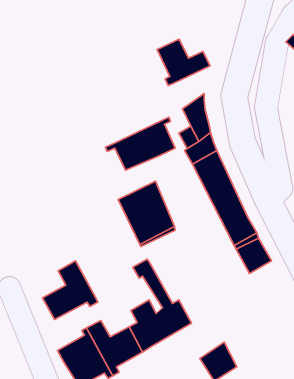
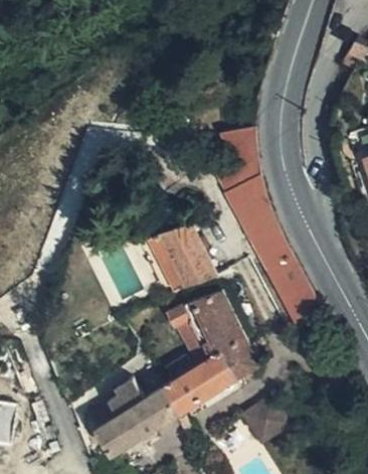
building: [157,39,210,86] -> none
building: [105,117,175,170] -> none
building: none -> [186,290,258,381]
building: [43,261,98,320] -> none

